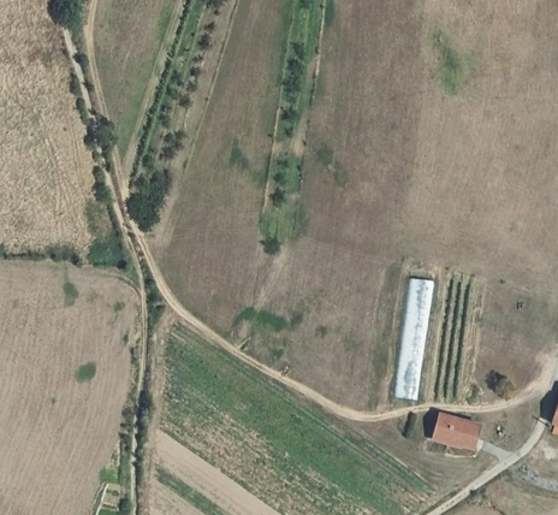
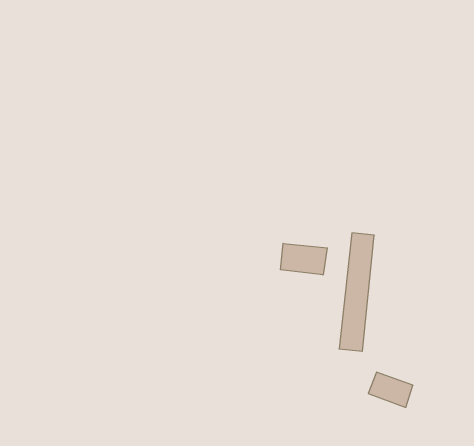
building: none -> [281,243,327,275]

